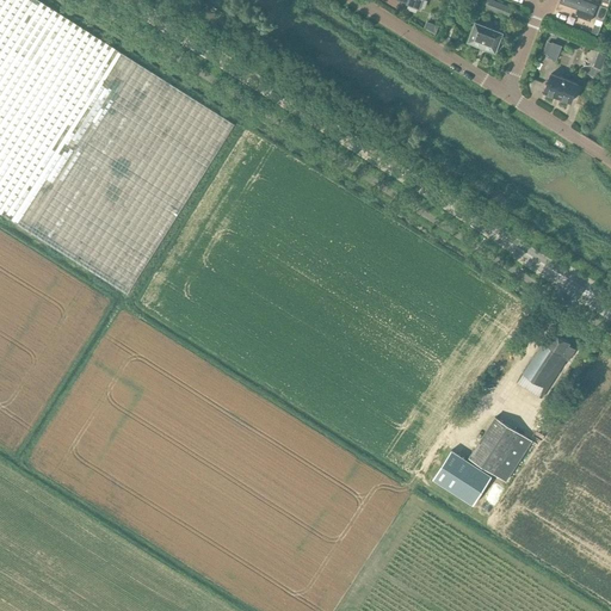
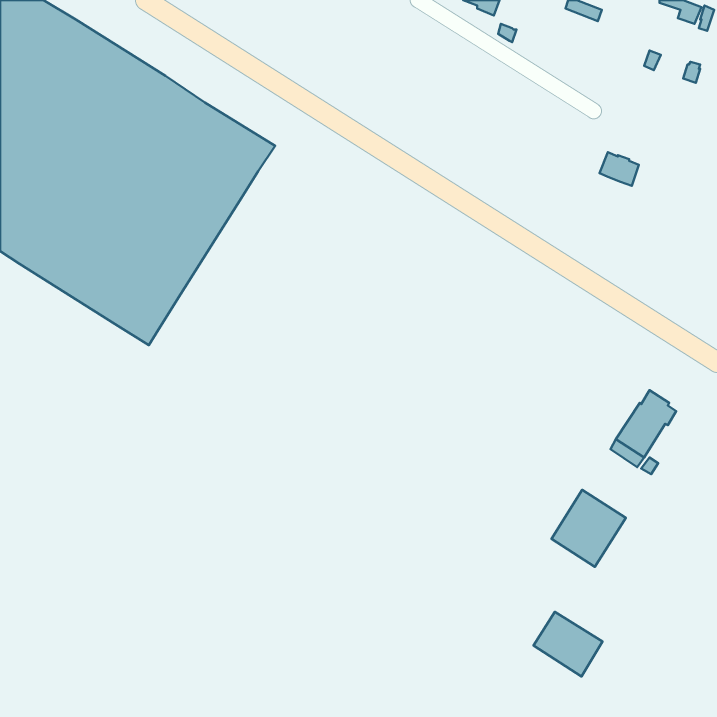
building: [468,21,502,51] -> none
building: [544,74,578,103] -> [600,152,639,186]
building: [433,450,492,505] -> [534,612,602,676]

